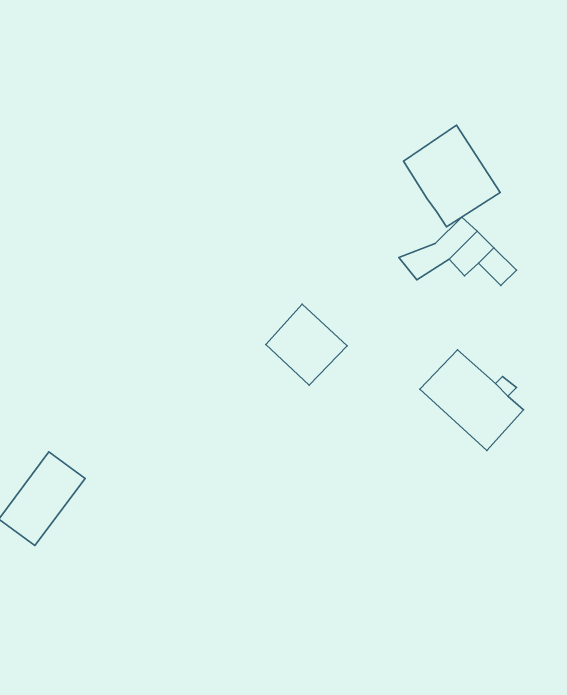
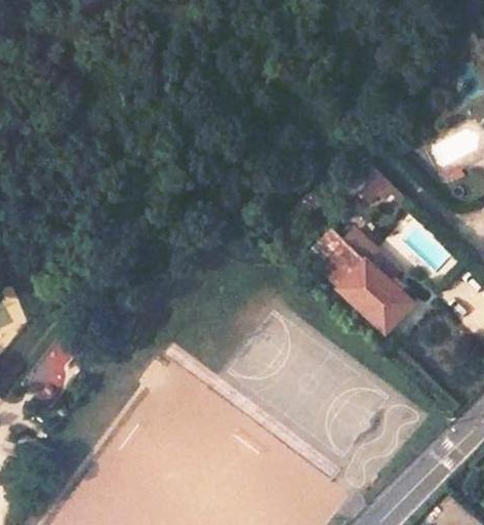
building: [404,125,500,227] -> none
building: [266,304,347,385] -> [305,229,364,288]

